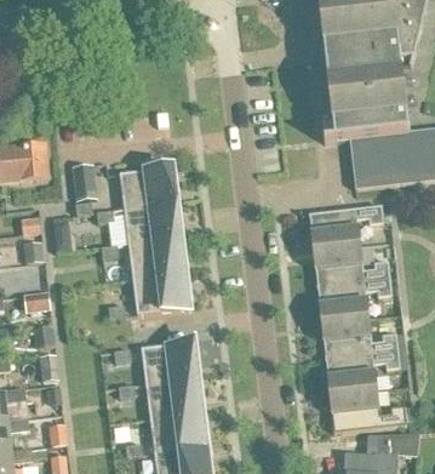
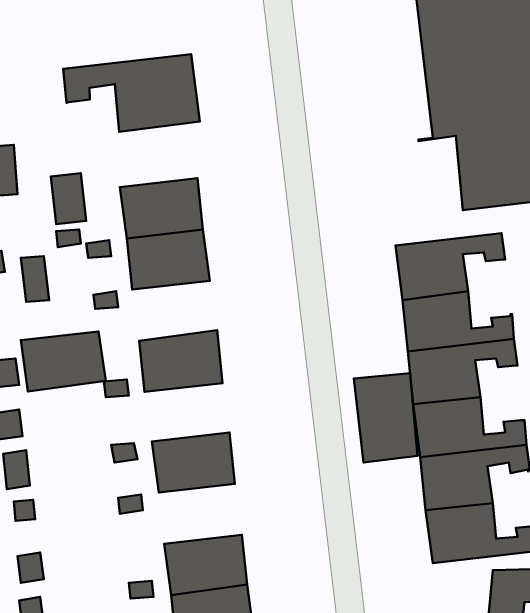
building: none -> [63,54,200,132]
building: [128,236,187,278] -> [21,331,106,391]
building: none -> [354,373,418,462]
building: [147,376,204,417] -> none

